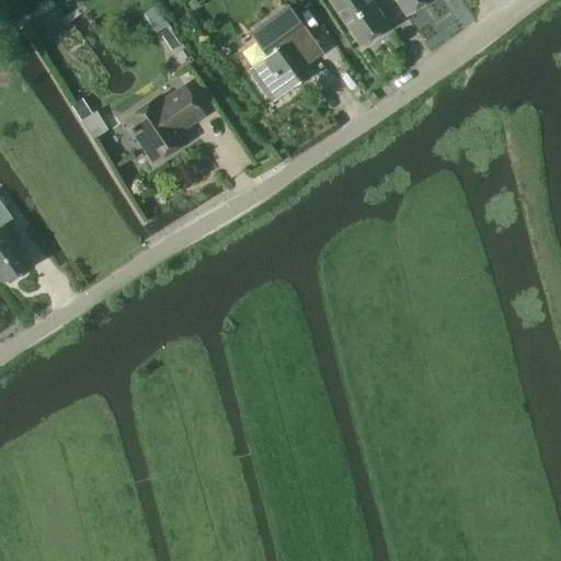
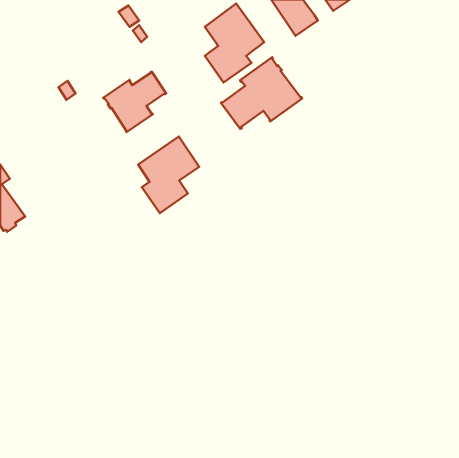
building: none -> [221,57,302,129]
building: none -> [138,136,199,213]

